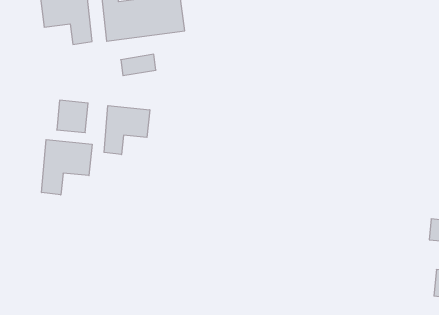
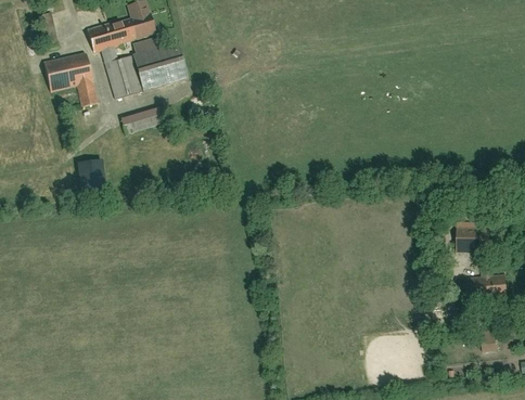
building: [104,106,150,155] -> none
building: [42,140,92,195] -> none

